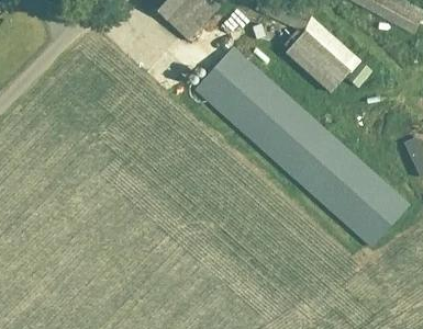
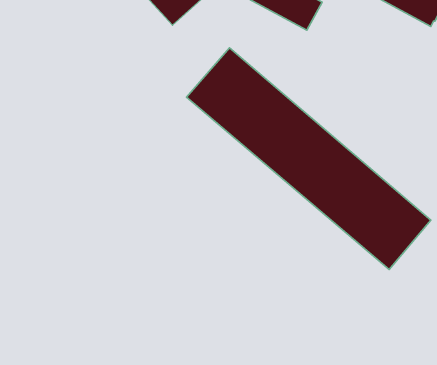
building: [290,30,350,91] -> none

